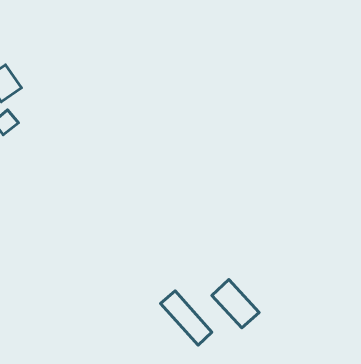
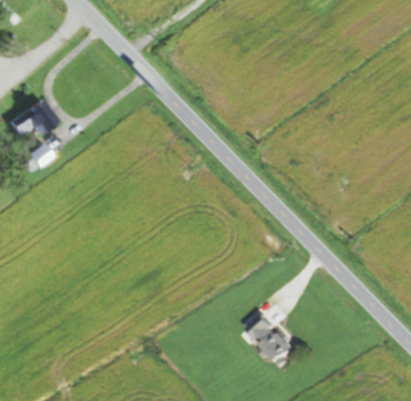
building: [160,291,212,345] -> none

